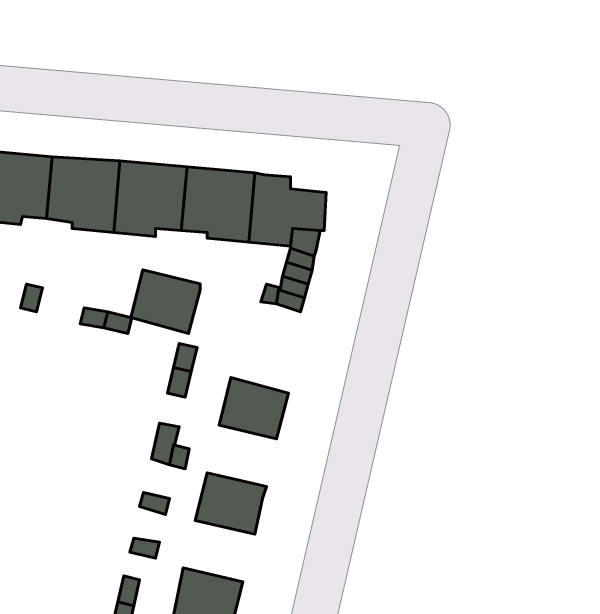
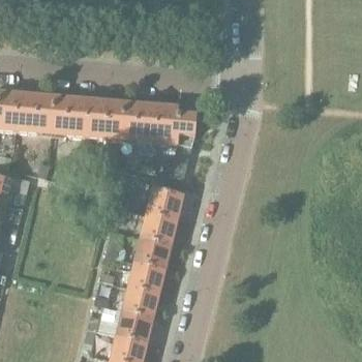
building: [131,270,200,333] -> [147,187,183,220]
building: none -> [134,237,171,269]
building: none -> [122,286,159,319]

